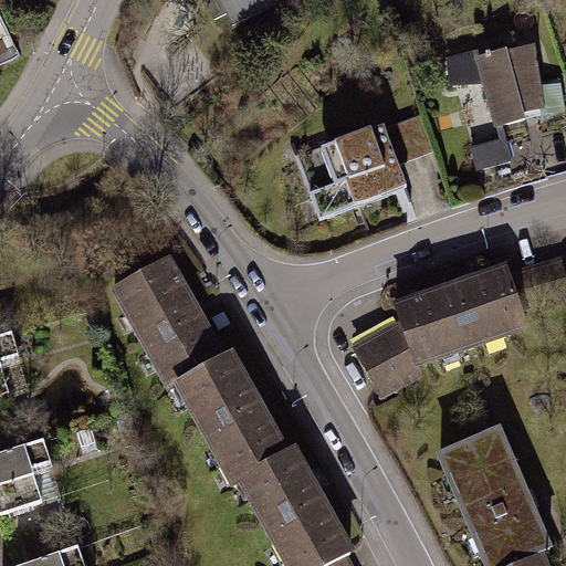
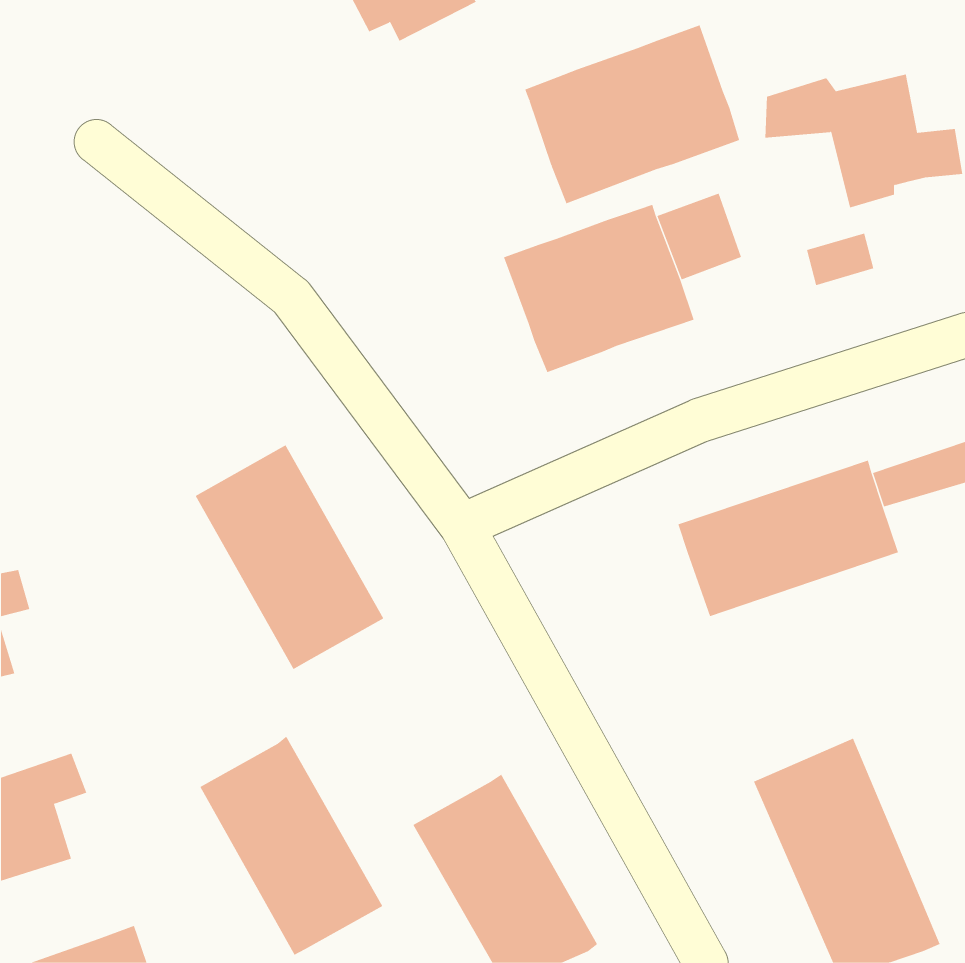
building: none -> [524,25,740,204]
building: [355,323,420,395] -> none
building: [180,357,287,485] -> [200,736,383,955]

